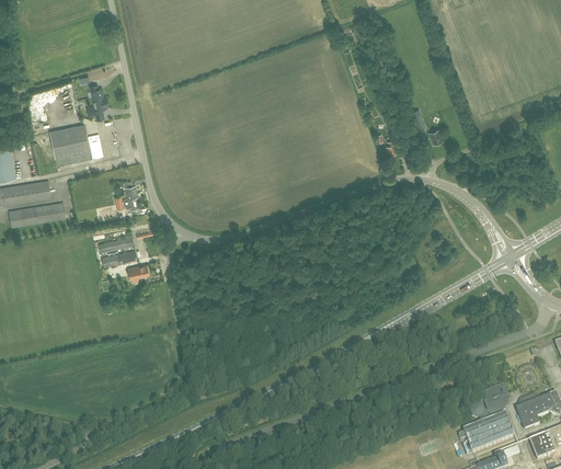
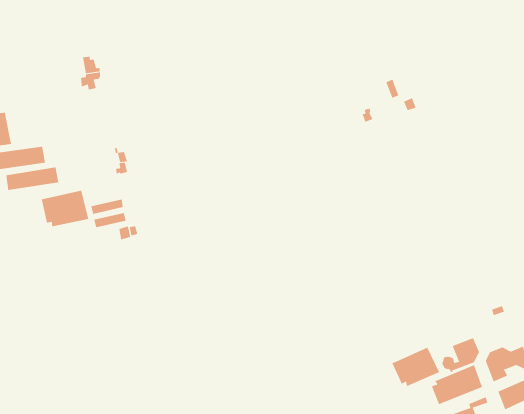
building: [48,124,90,164] -> none
building: none -> [41,190,89,227]
building: none -> [392,347,440,387]

